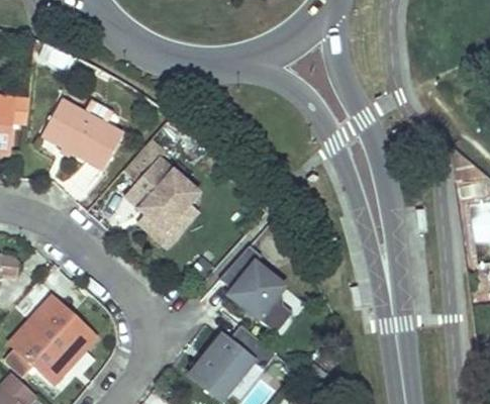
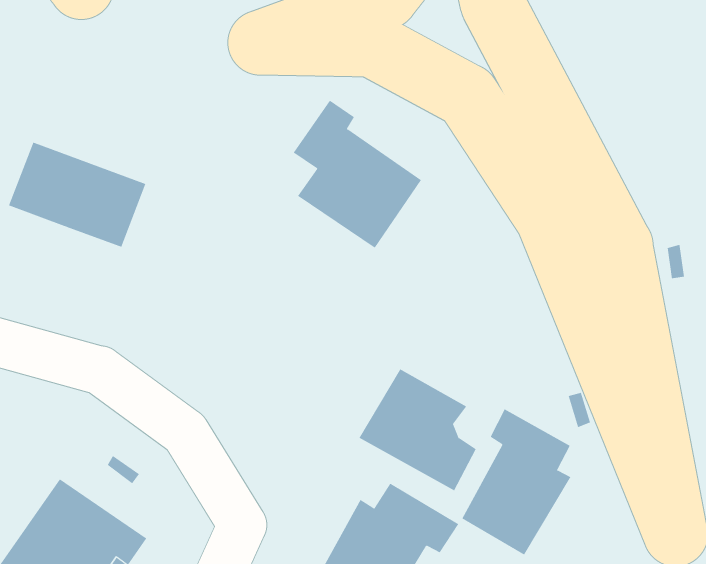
building: [123,140,196,229] -> [293,100,422,248]
building: none -> [461,409,571,556]

